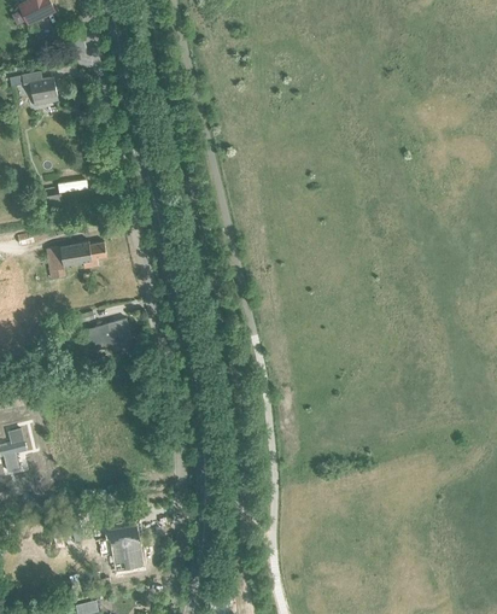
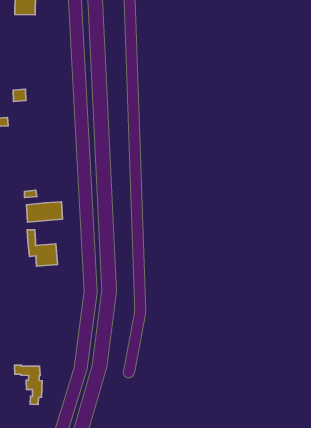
building: [45,242,106,279] -> none
building: none -> [27,230,58,266]

